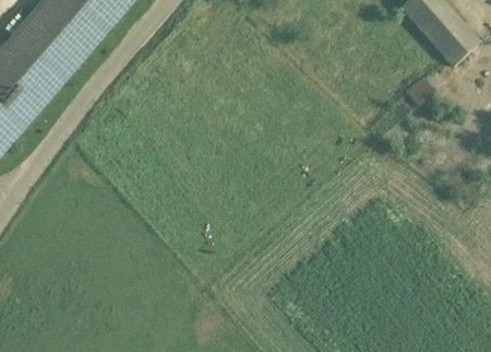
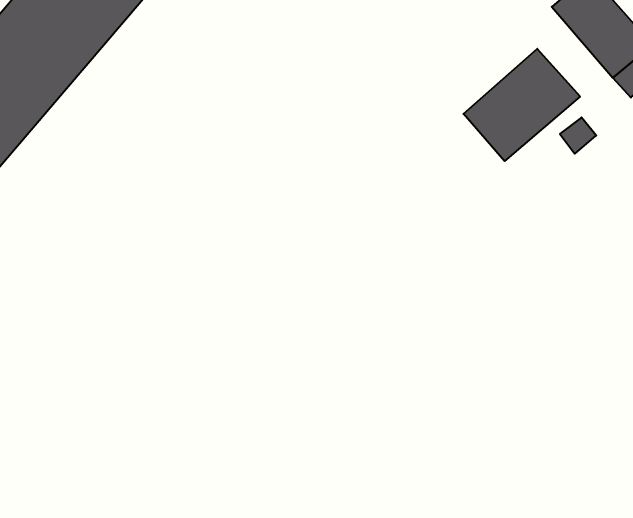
building: none -> [463,49,580,161]

